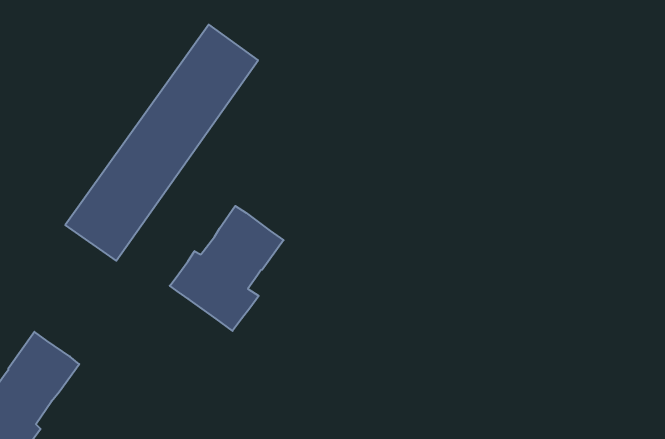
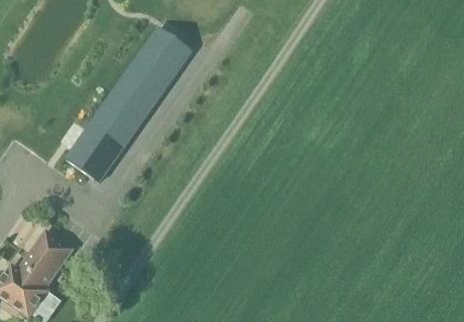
building: [170,206,284,331] -> none

